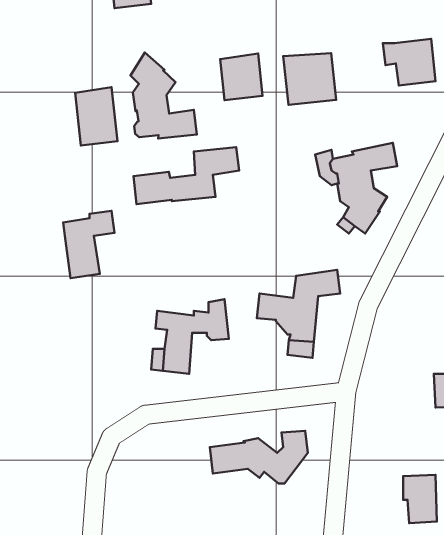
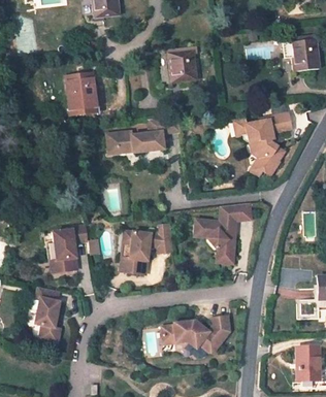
building: [130,53,197,139] -> none
building: [283,53,336,105] -> none
building: [63,211,114,278] -> [51,225,87,272]
building: none -> [35,288,62,343]

